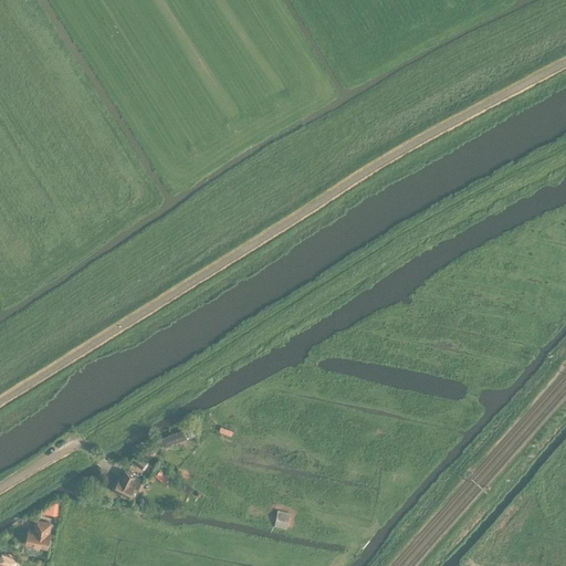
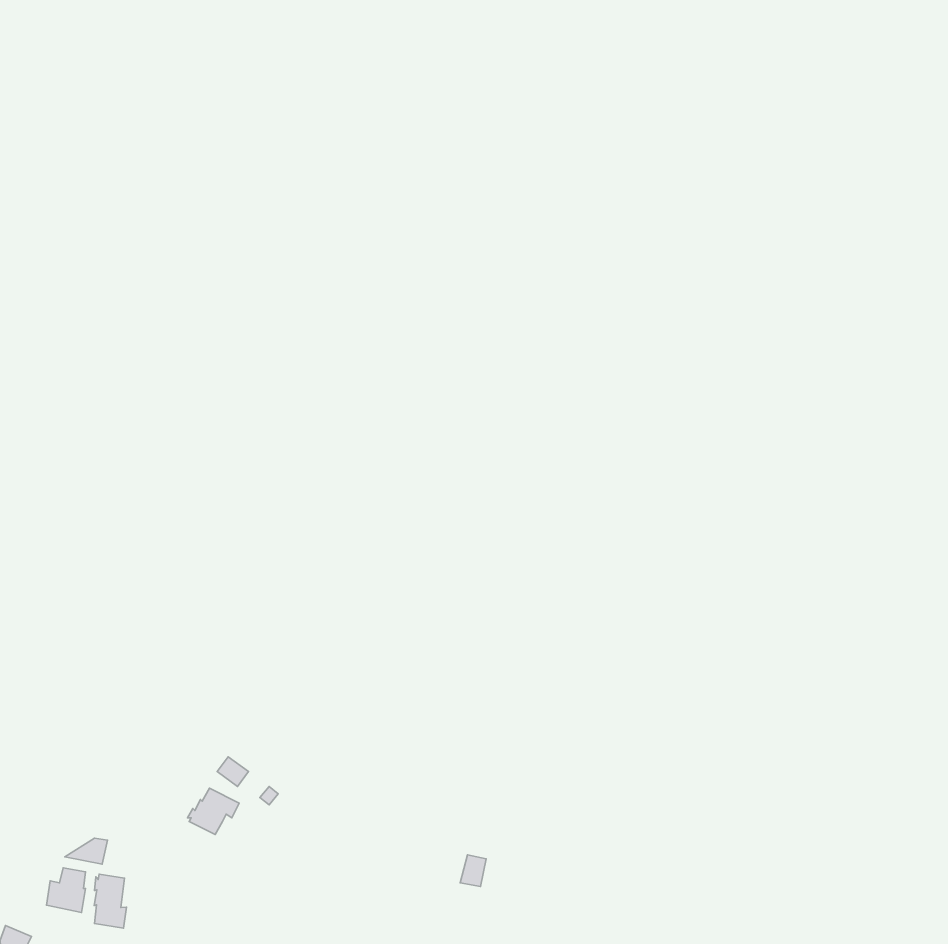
building: none -> [94,874,127,928]

